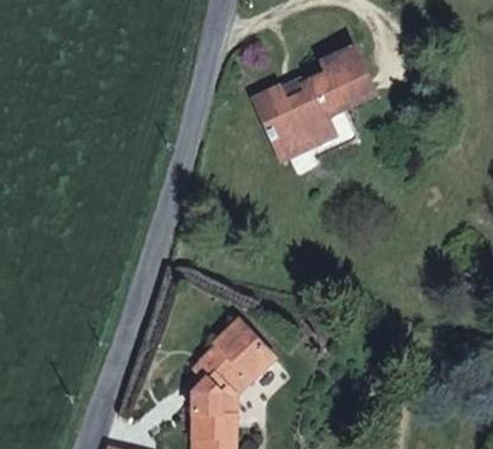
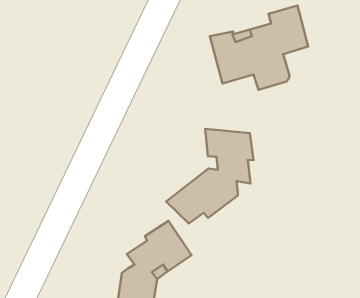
building: none -> [166,129,253,224]

